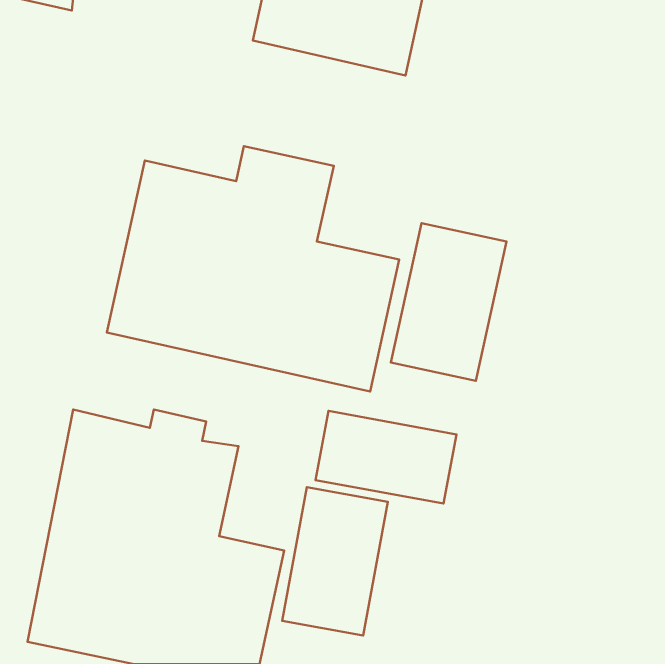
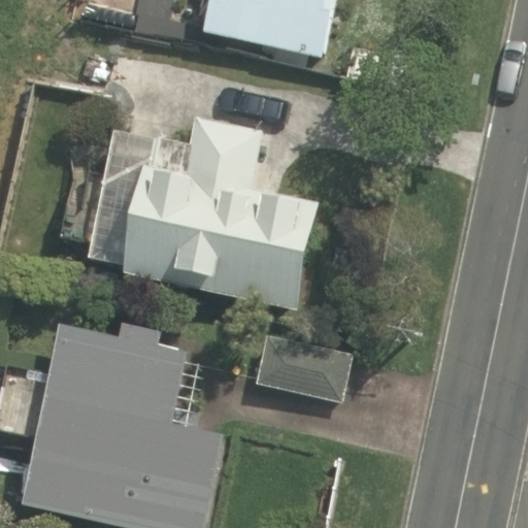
building: [391,223,506,381] -> none
building: [282,487,388,635] -> none

